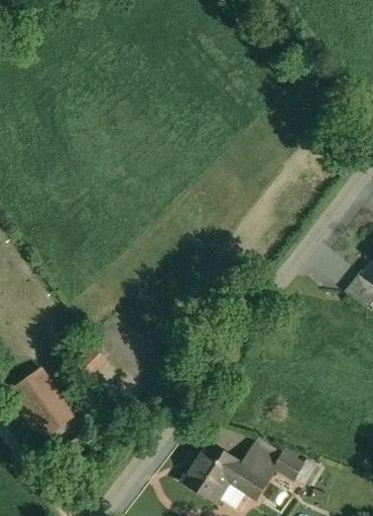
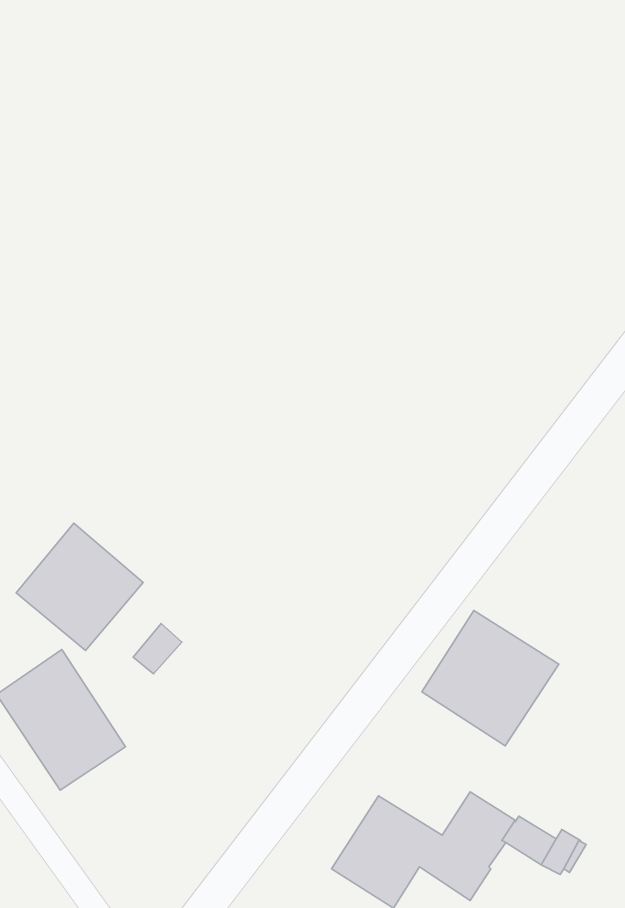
building: none -> [16,523,143,650]
building: none -> [422,611,559,746]

